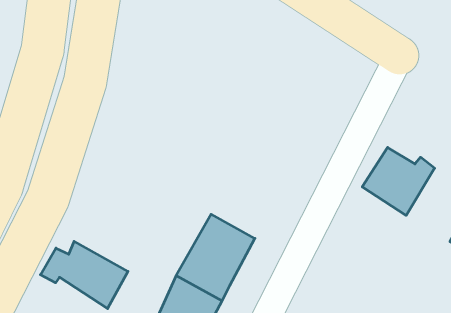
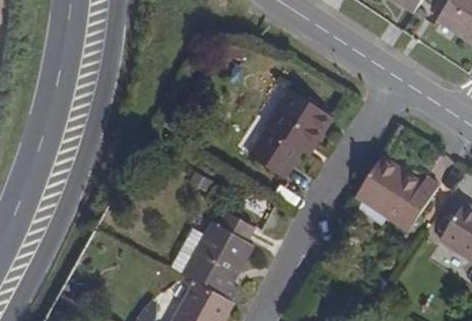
building: none -> [257,88,334,177]
building: [40,241,128,309] -> none

